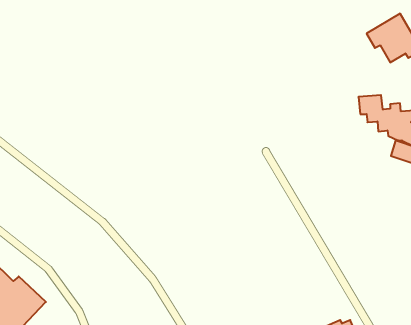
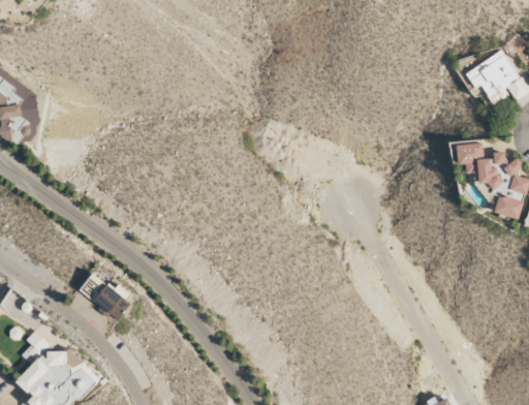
building: none -> [79,272,131,320]

